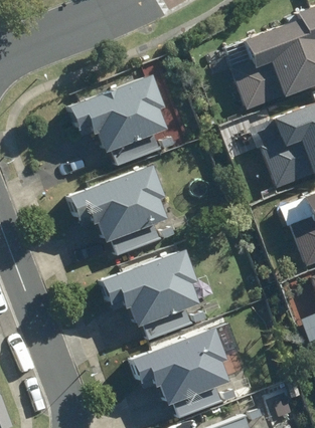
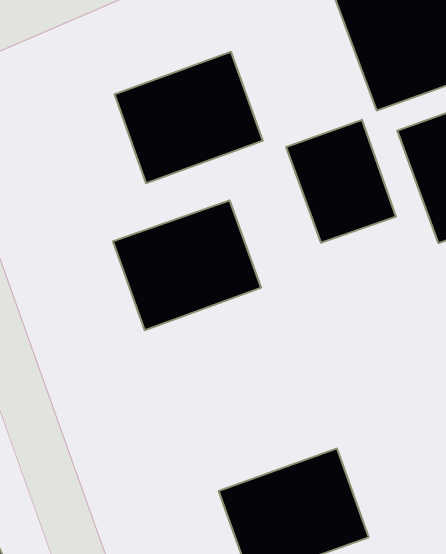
building: none -> [286,120,396,243]
building: [112,248,207,332] -> none

